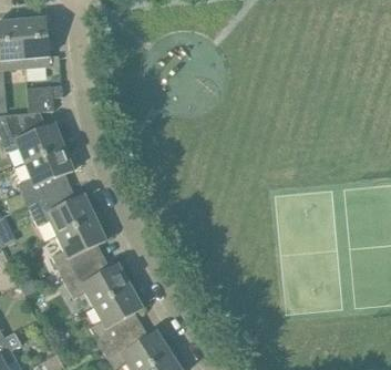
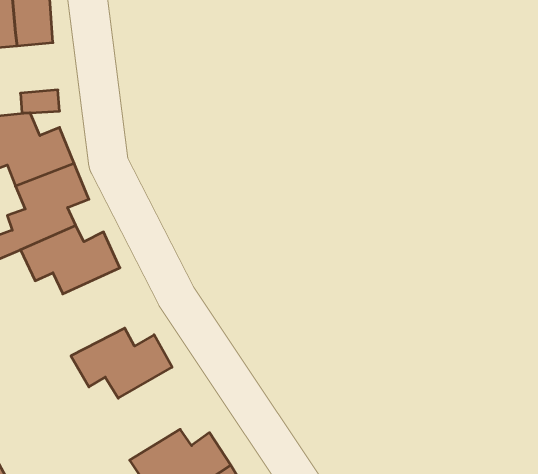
building: [51,216,105,276] -> none
building: [89,284,142,347] -> none

